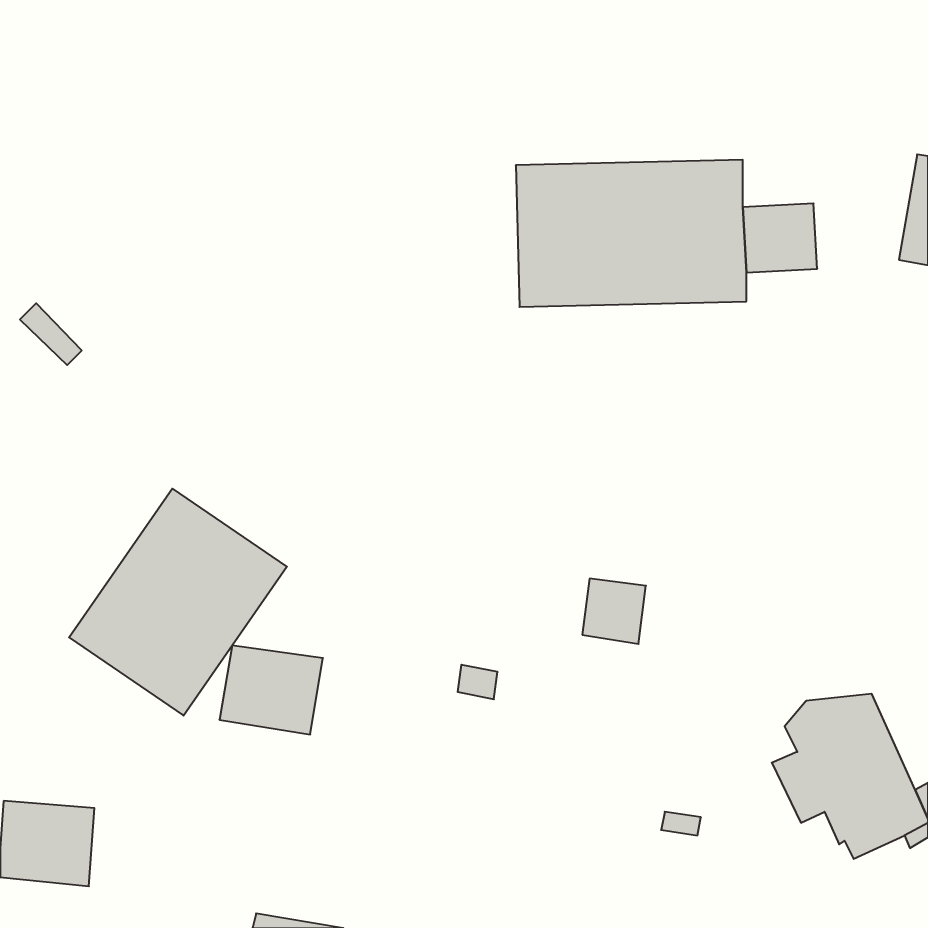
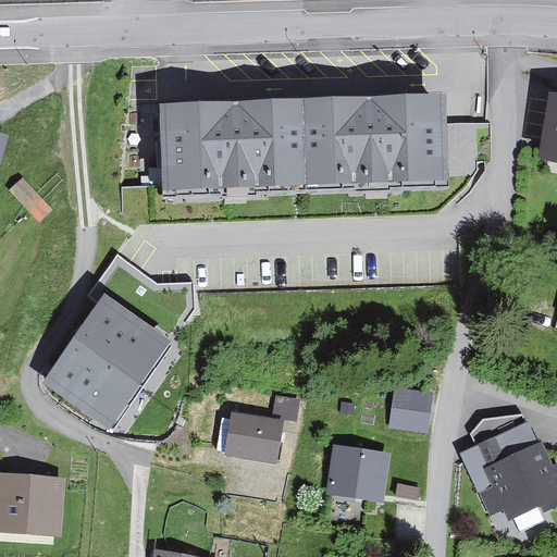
building: none -> [161,99,311,191]
building: [582,579,646,644] -> [392,392,430,431]
building: [219,645,323,734] -> [223,411,285,465]
building: none -> [332,456,384,500]

